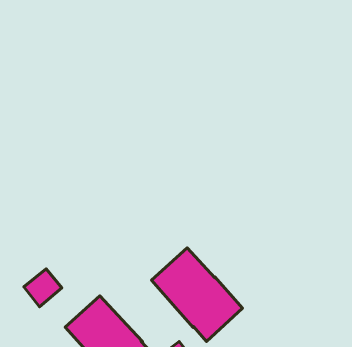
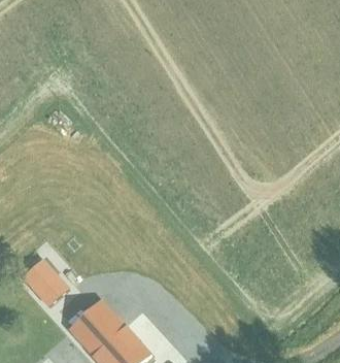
building: [151,248,242,341] -> none

